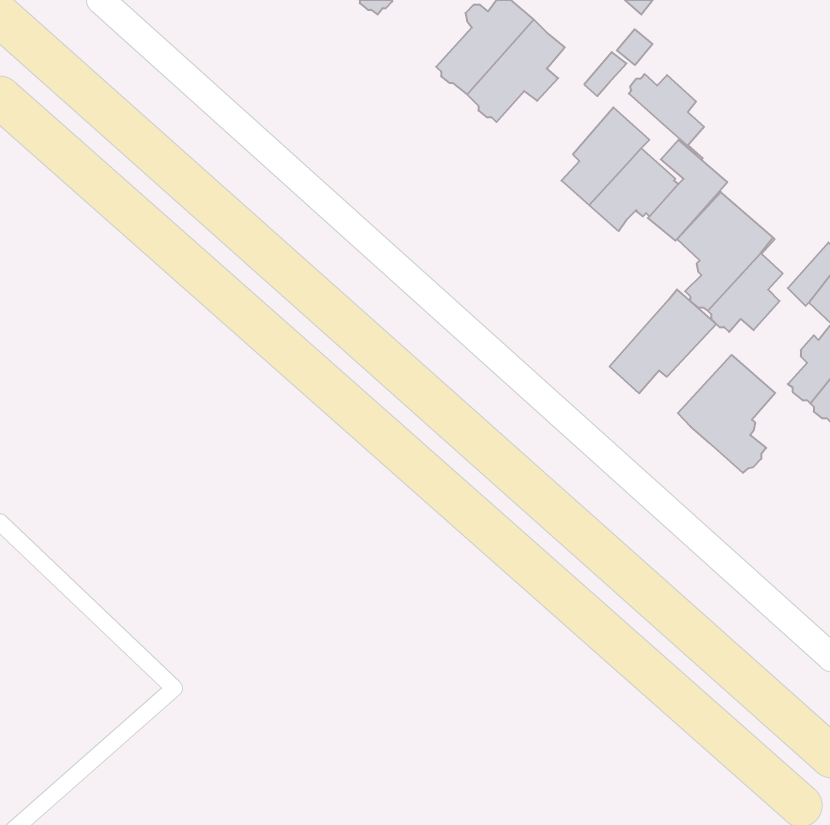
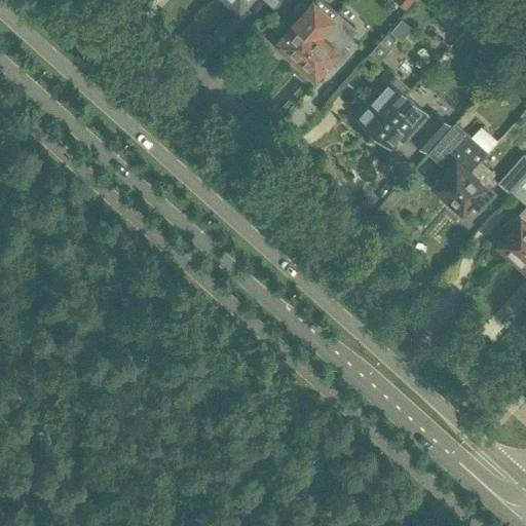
building: [629,74,704,160] -> none
building: [610,289,716,393] -> none
building: [678,355,775,473] -> none

